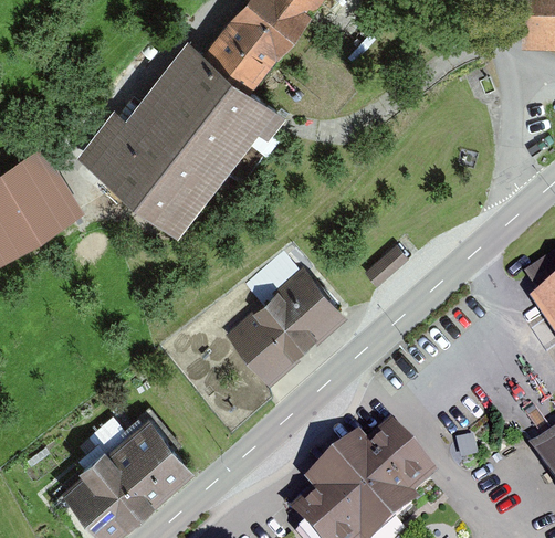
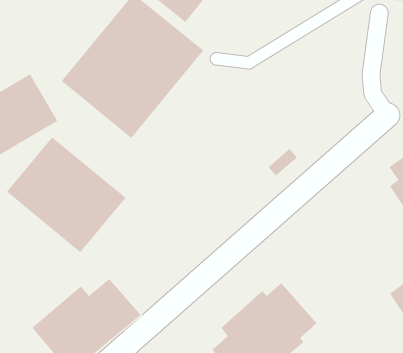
building: none -> [6,136,126,253]
building: [229,272,346,384] -> none

